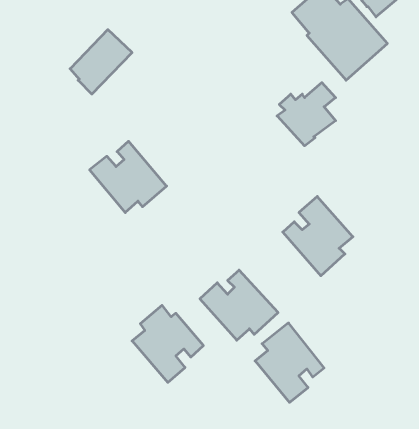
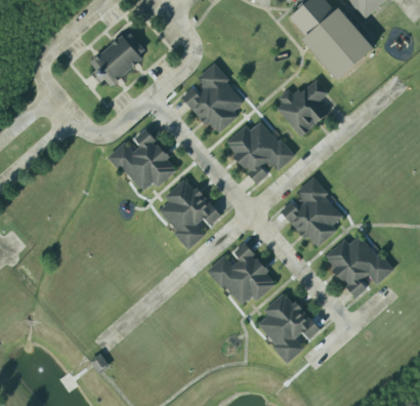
building: none -> [181,62,243,131]
building: none -> [226,121,295,182]
building: none -> [323,236,392,297]
building: [132,305,203,382] -> [158,180,221,249]

